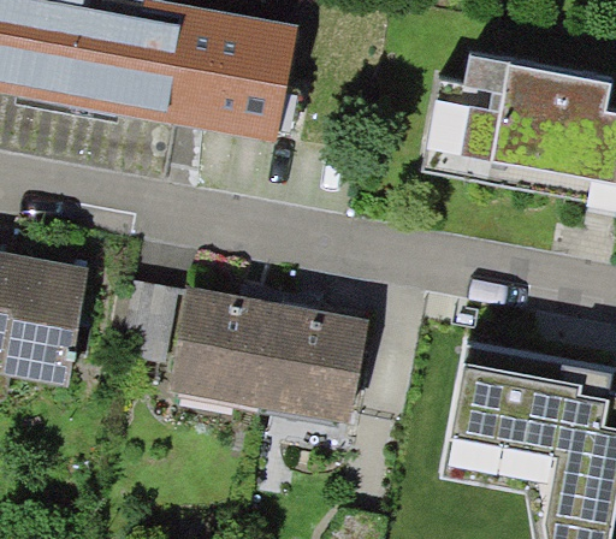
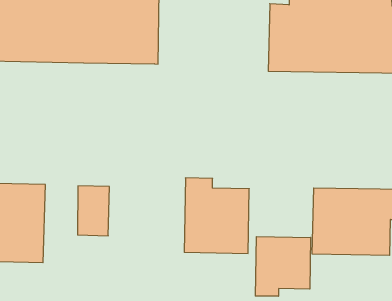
building: [178,290,285,399] -> none
building: none -> [255,237,311,296]

